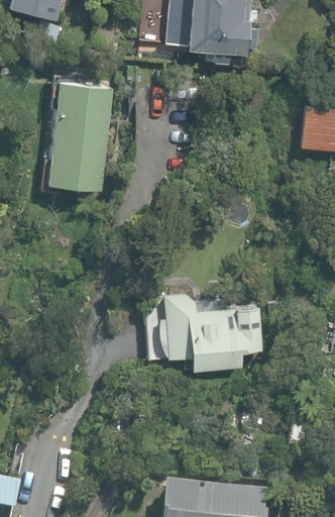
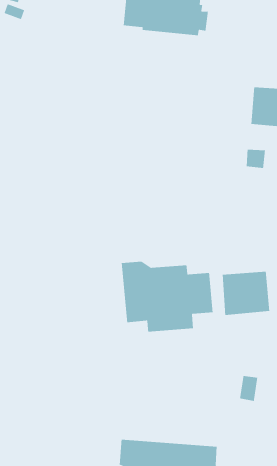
building: [46,83,112,191] -> none
building: none -> [222,271,270,316]

